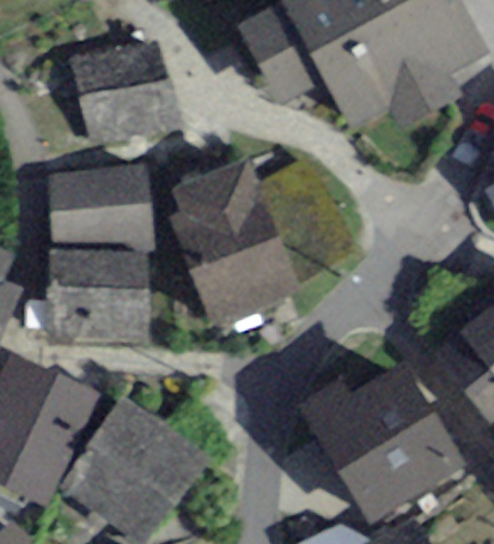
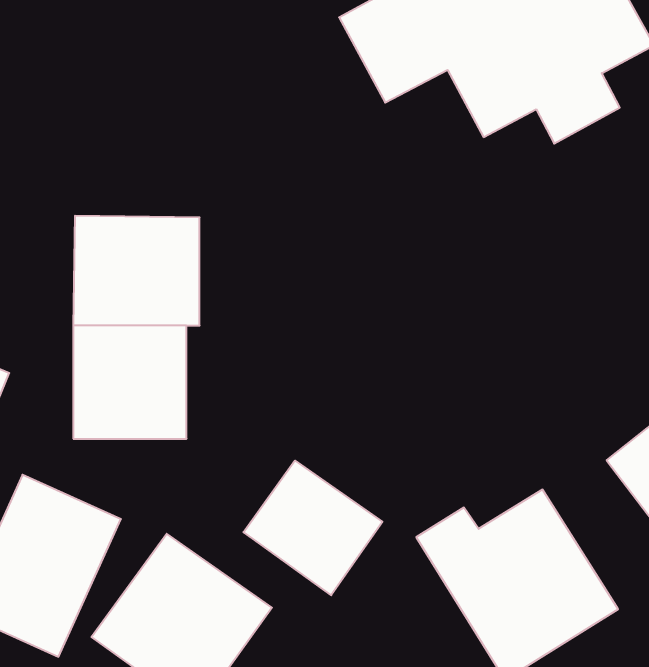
building: [75,49,164,138] -> none
building: [178,170,289,318] -> none
building: none -> [243,461,382,595]

